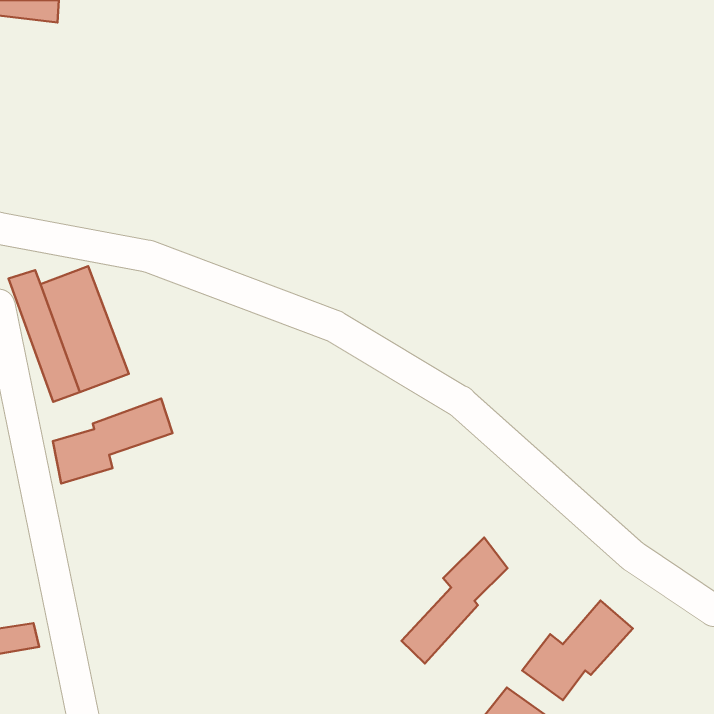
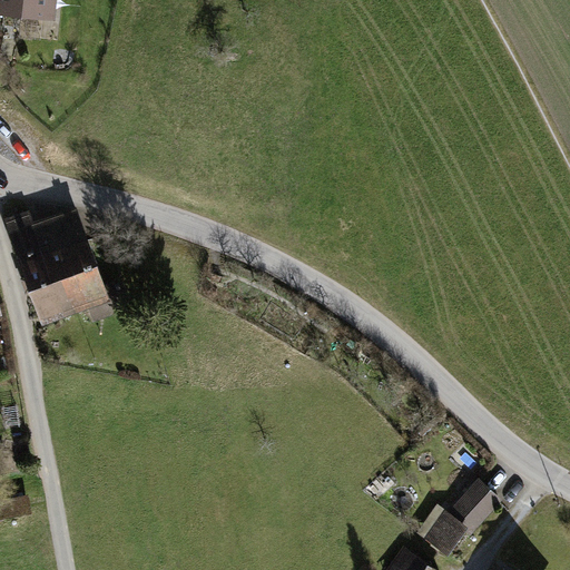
building: [53,399,173,483] -> none
building: [401,537,508,664] -> none

